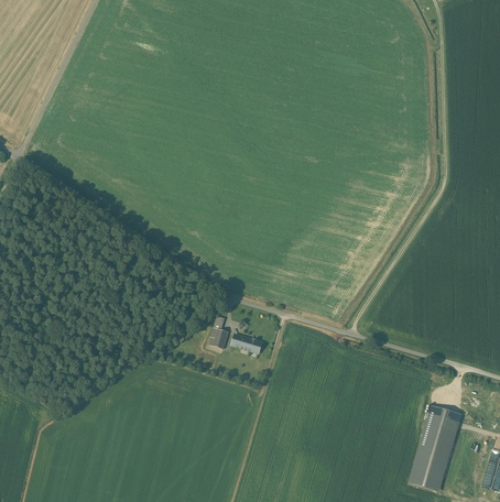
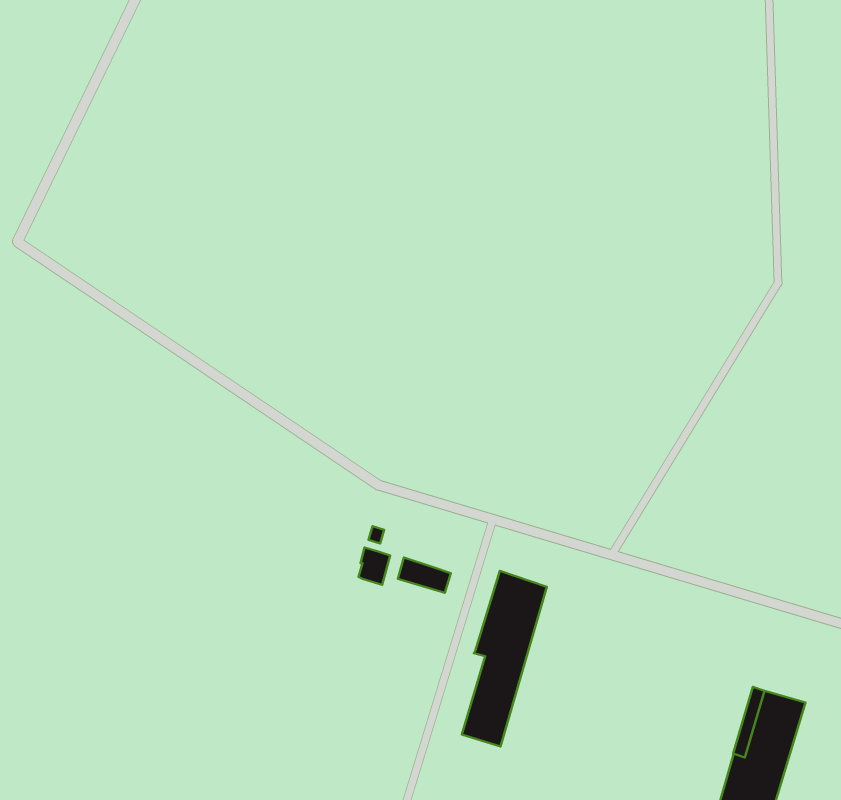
building: none -> [462,571,547,746]

